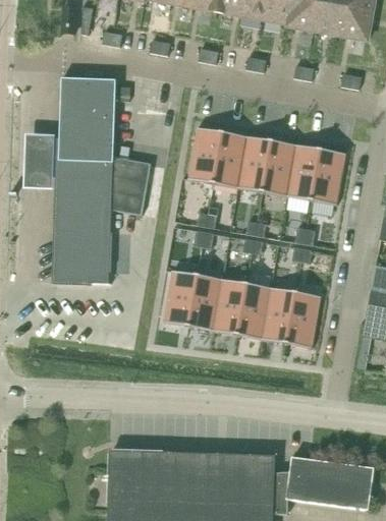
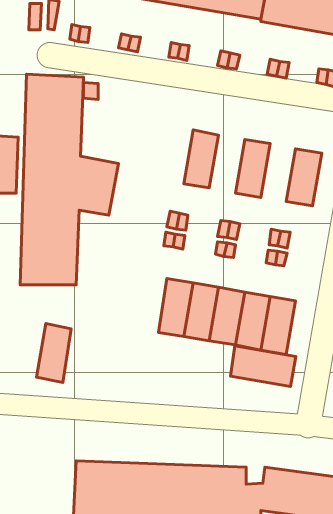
building: [188,127,222,183] -> none
building: [237,136,272,192] -> none
building: [287,144,321,200] -> none
building: [163,270,197,327] -> [36,323,71,383]
building: none -> [230,346,296,386]

